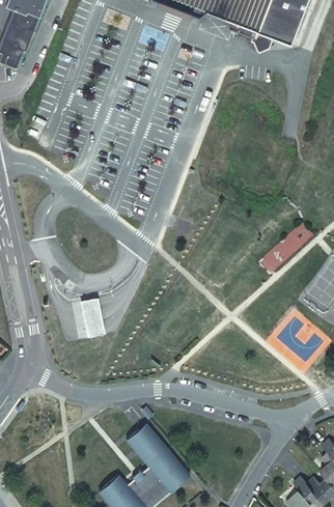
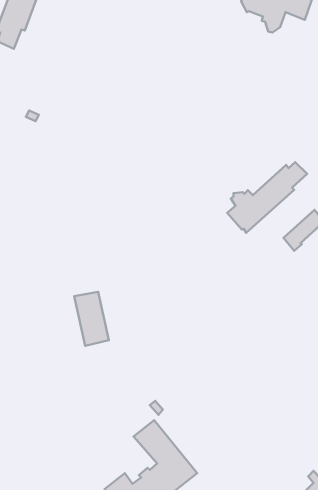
building: none -> [227,162,307,233]

